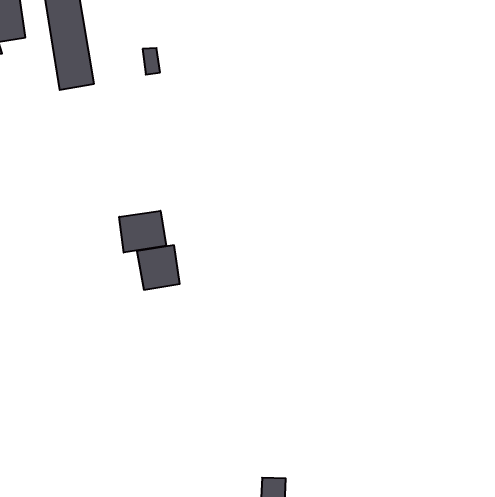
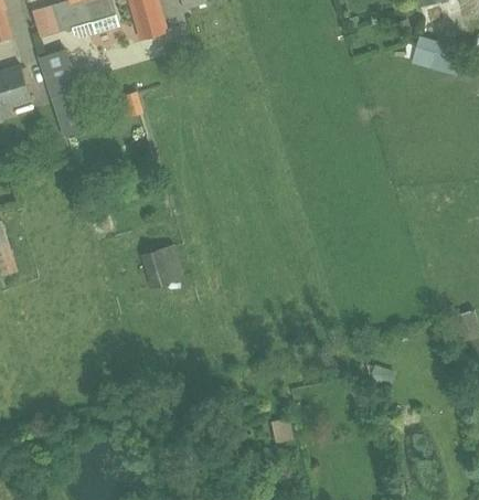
building: [119,211,166,253] -> none

